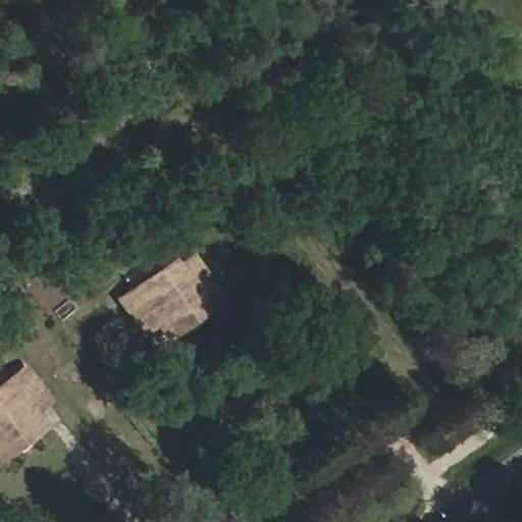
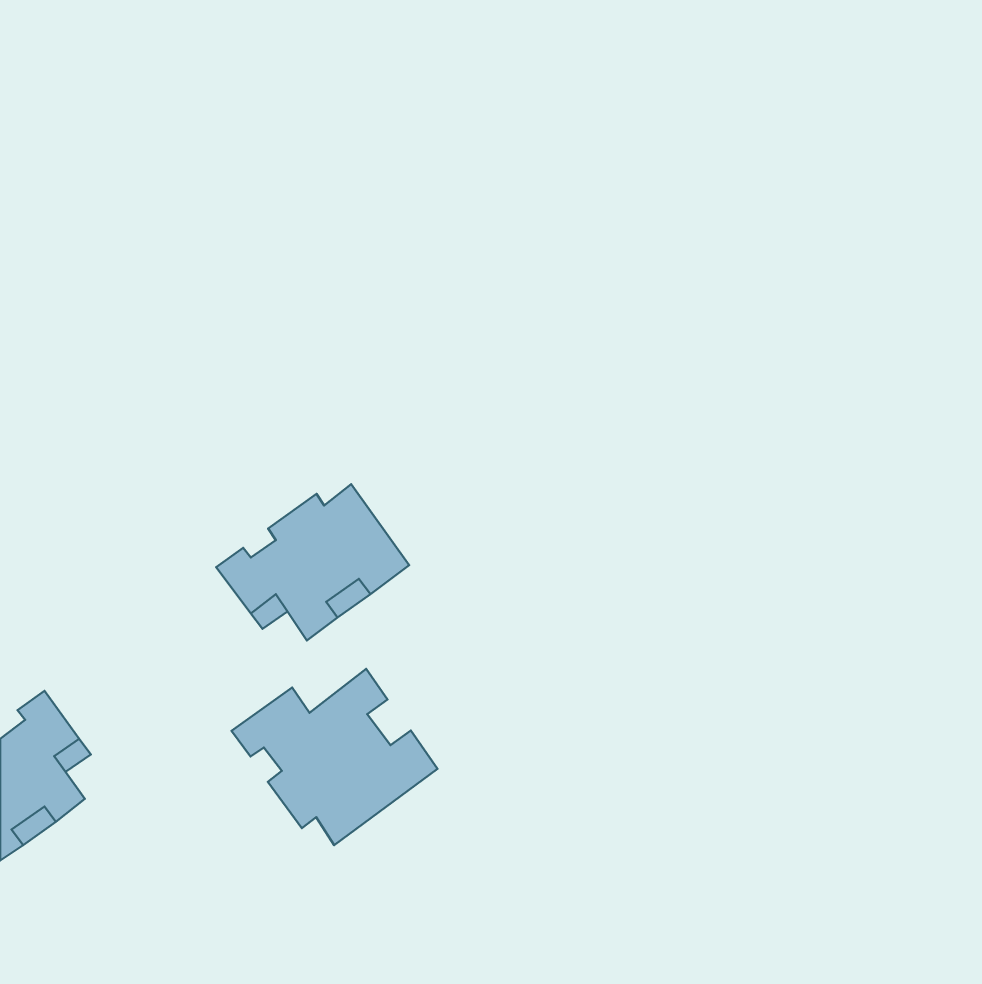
building: none -> [231,669,438,845]

